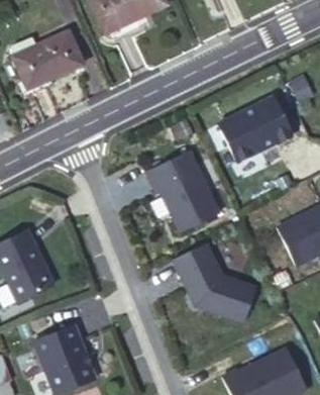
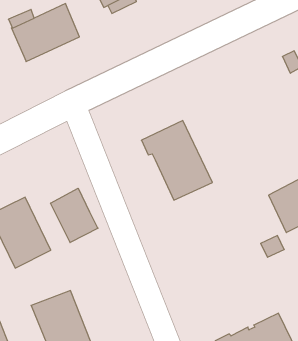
building: [218,96,292,162] -> none
building: none -> [51,188,98,243]
building: [173,243,255,322] -> none

